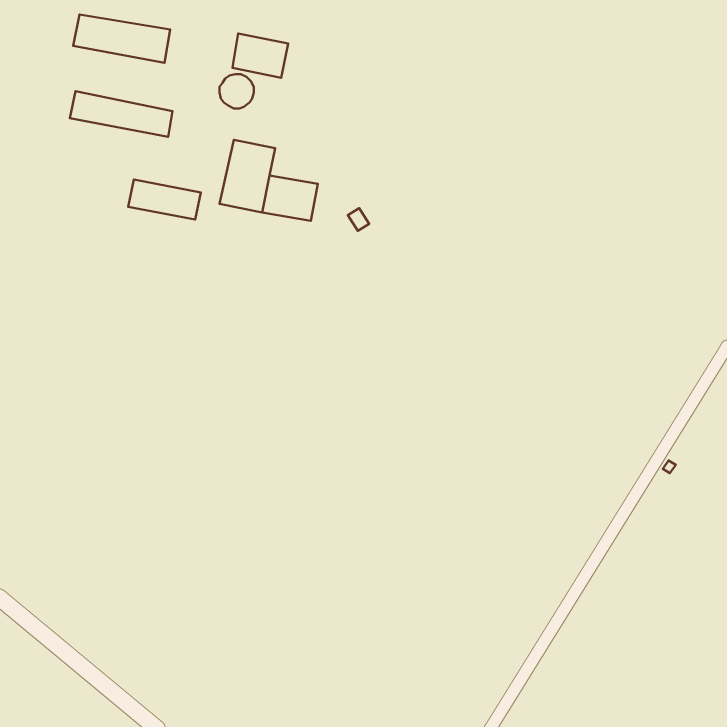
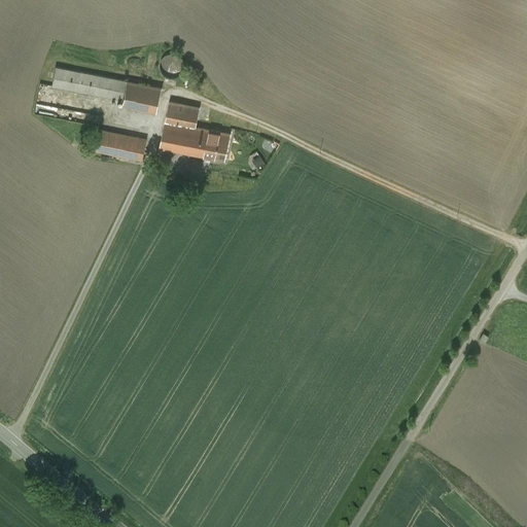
building: [73,15,170,63] -> none
building: [233,34,288,78] -> [120,81,161,113]

